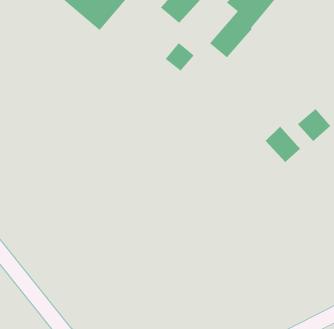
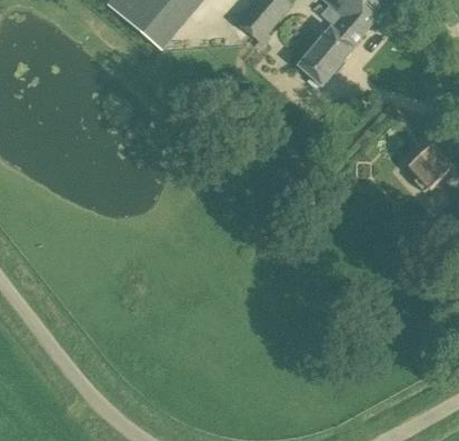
building: [165,42,194,72] -> none
building: [265,126,301,163] -> none

